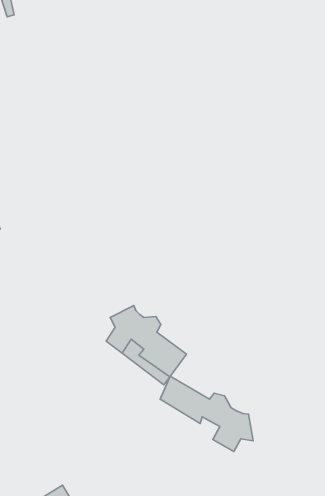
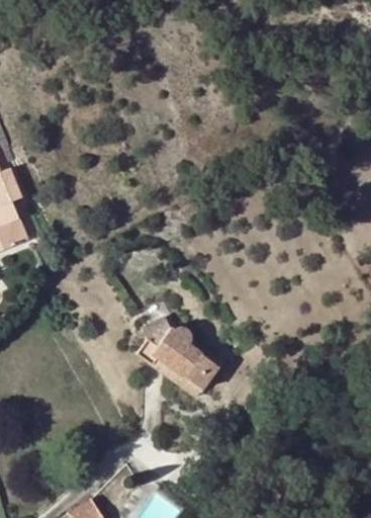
building: [160,376,253,452] -> none

